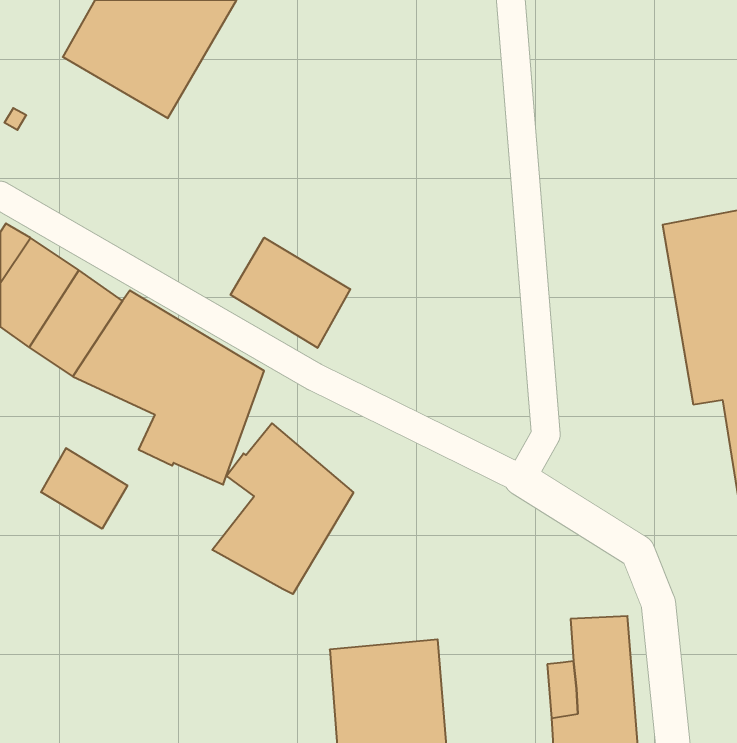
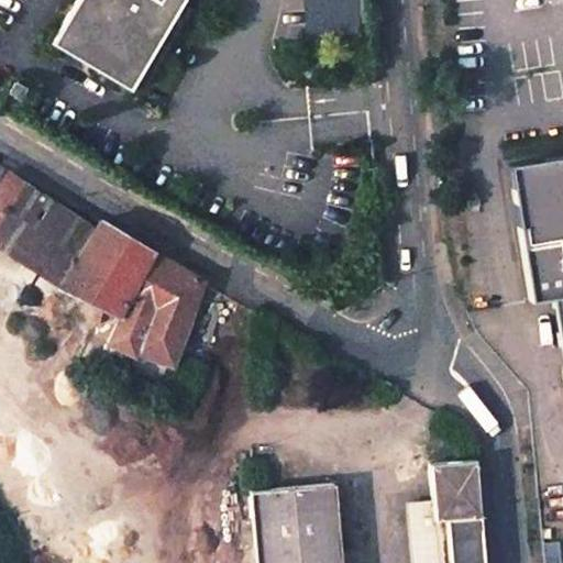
building: [231,238,350,348] -> none
building: [212,423,353,594] -> none
building: [41,448,127,529] -> none

